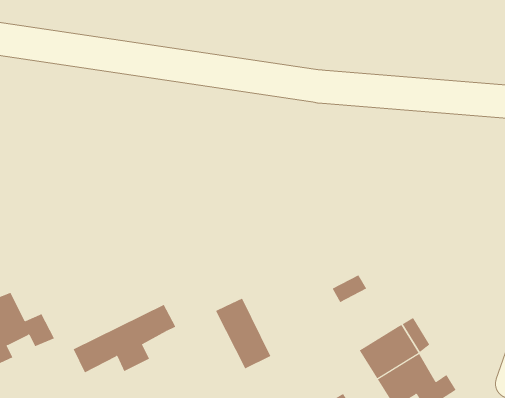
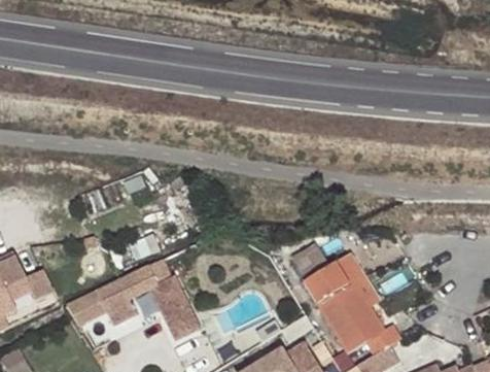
building: [215,298,271,369] -> [150,277,199,339]
building: none -> [303,263,350,305]

